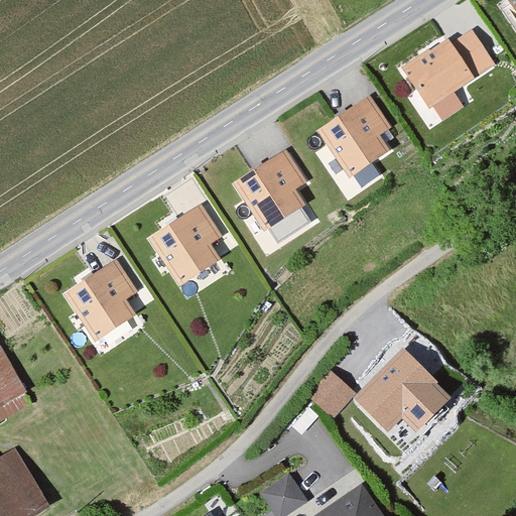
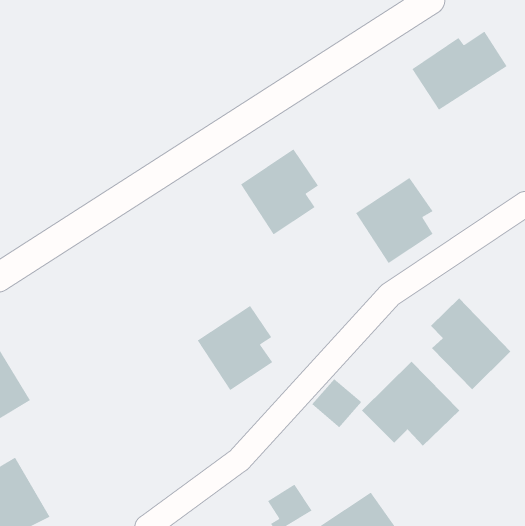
building: [315,96,392,180] -> [355,177,434,264]
building: [148,203,223,286] -> [197,305,273,391]
building: [62,256,140,344] -> none
building: none -> [430,298,511,390]

